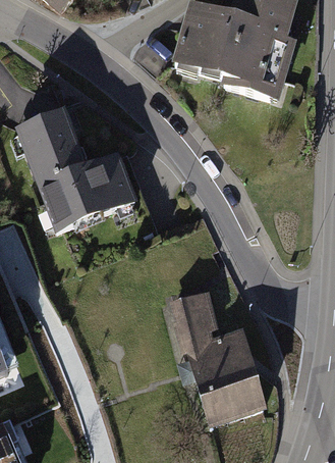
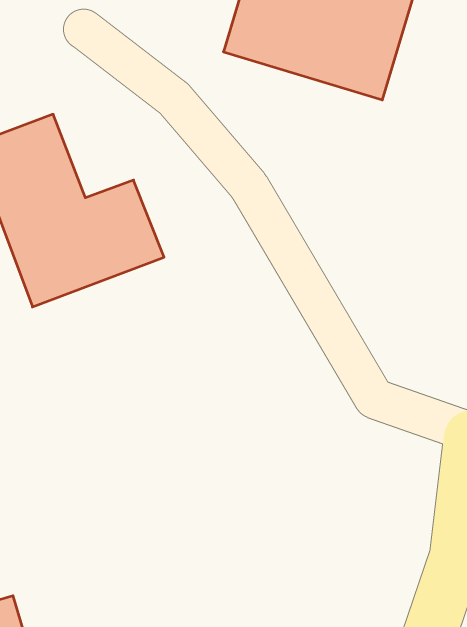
building: [170,292,268,424] -> none

